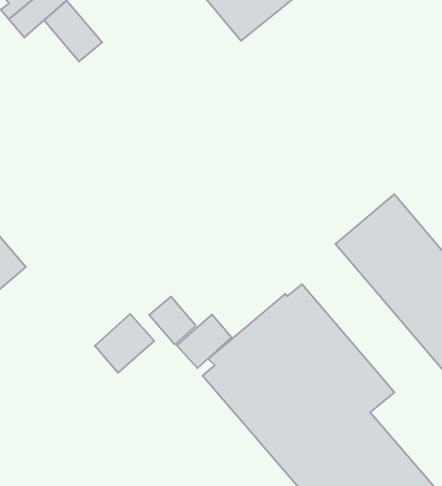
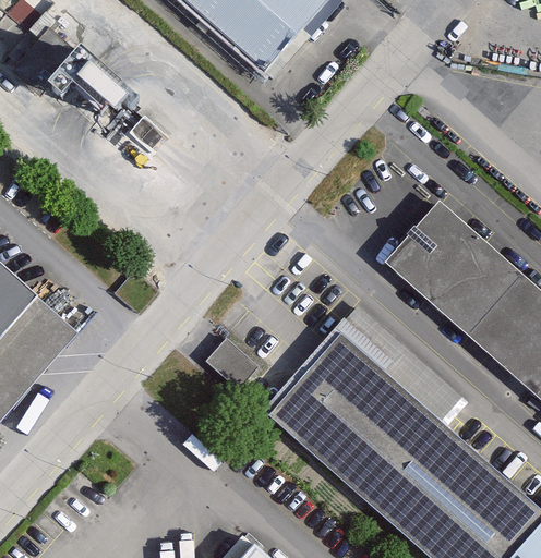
building: [95,314,154,373] -> none
building: [177,315,232,368] -> none

